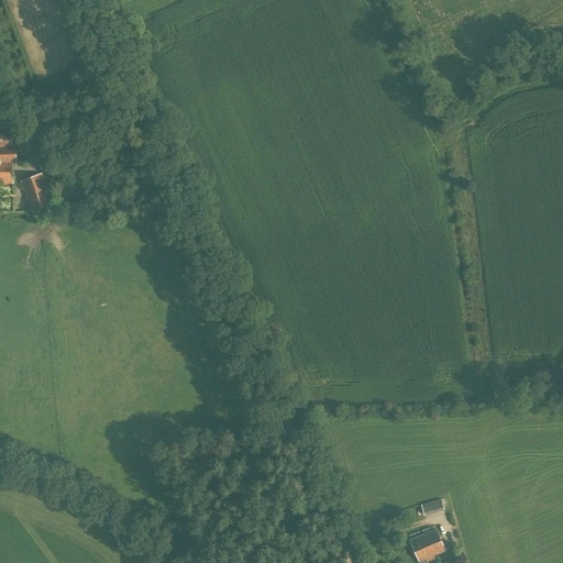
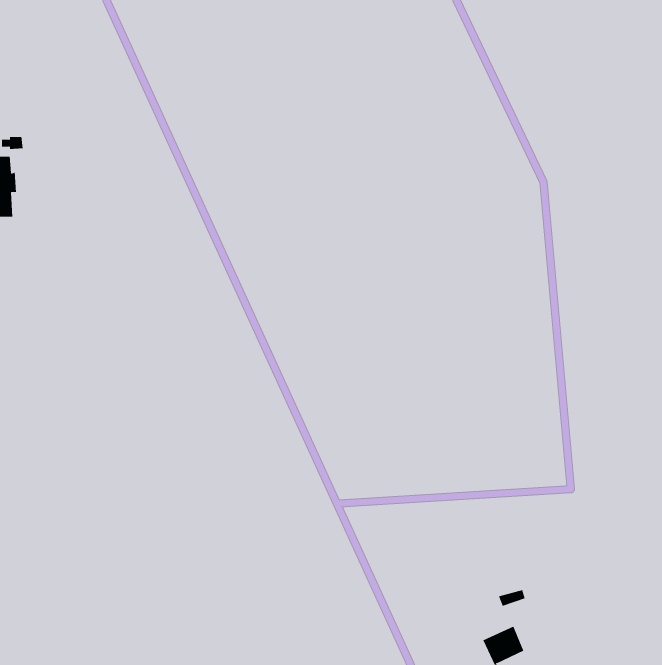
building: [19,173,53,211] -> none

